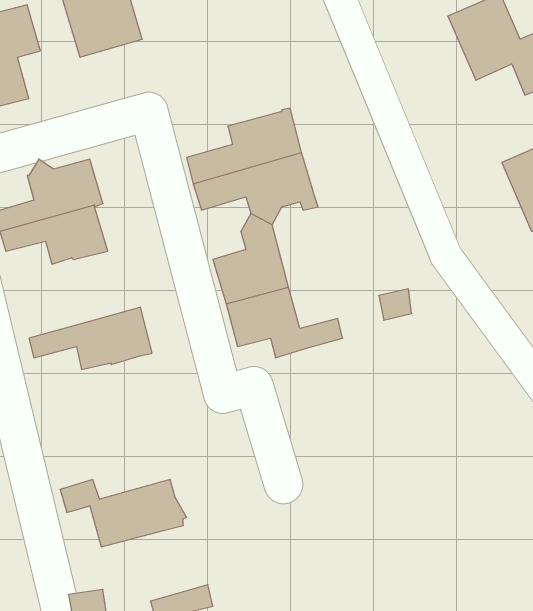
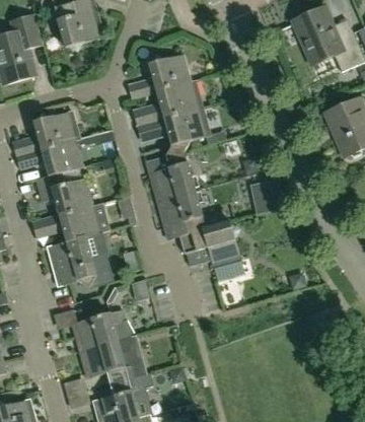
building: none -> [129,55,191,98]
building: none -> [36,172,93,215]
building: none -> [178,221,243,281]
building: none -> [47,233,114,287]
building: none -> [79,341,145,384]

